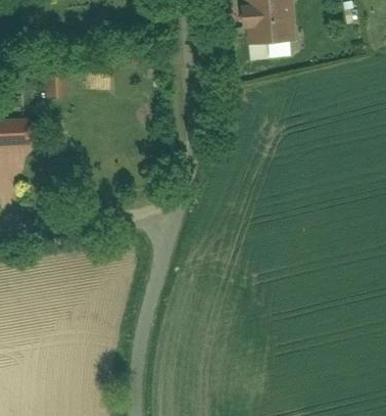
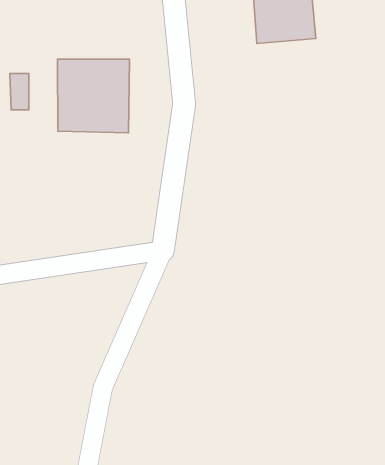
building: none -> [58,59,129,133]

